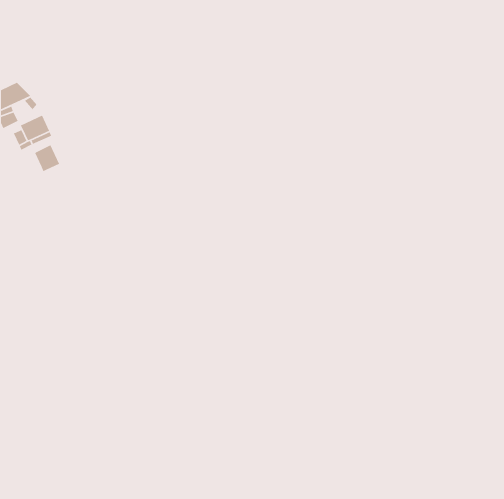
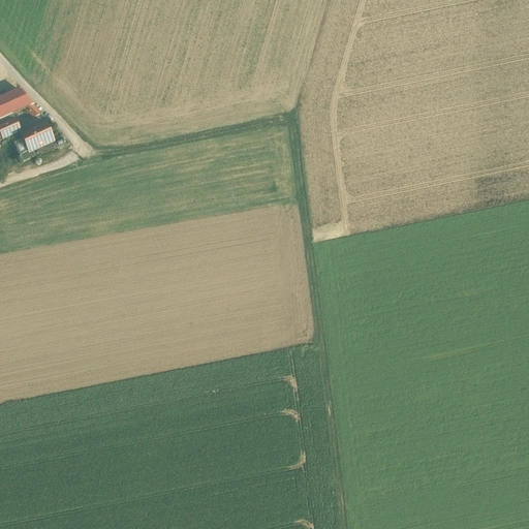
building: [34,144,60,172] -> none

